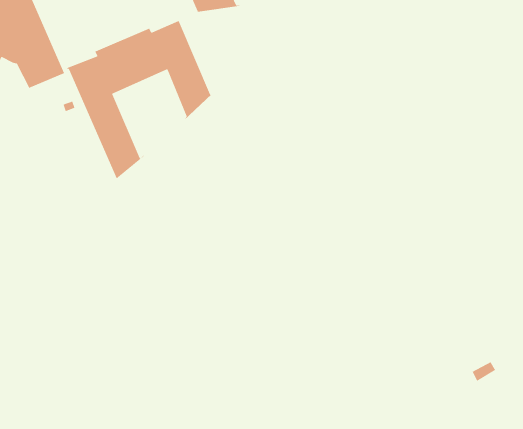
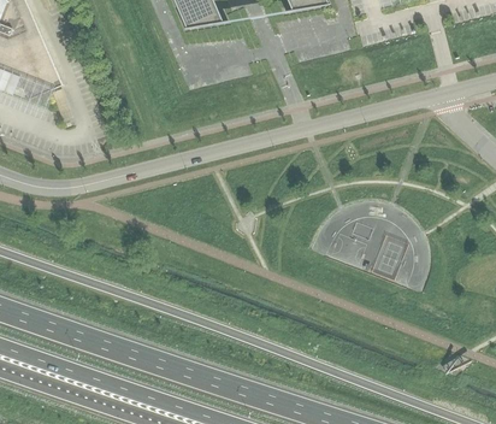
building: [66,19,212,181] -> none

